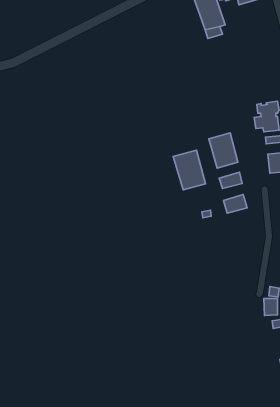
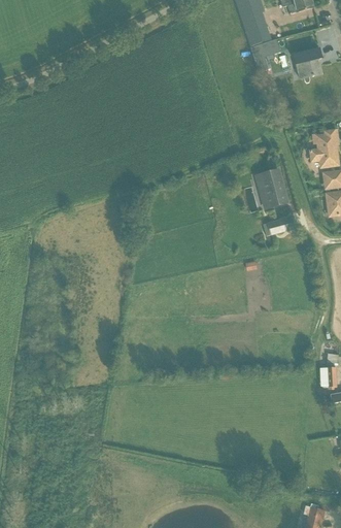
building: none -> [294,48,322,79]
building: [173,150,205,190] -> none
building: [223,194,247,213] -> none

